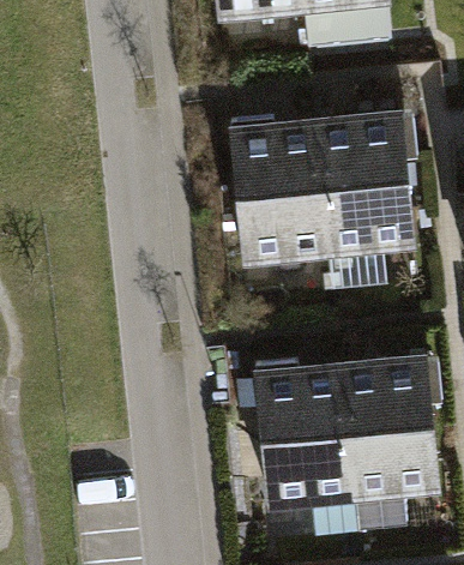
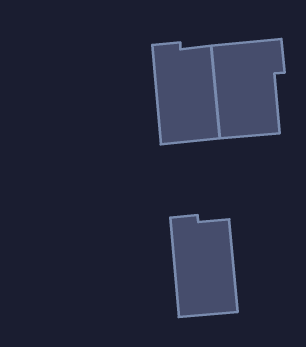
building: [342,355,444,494] -> none

